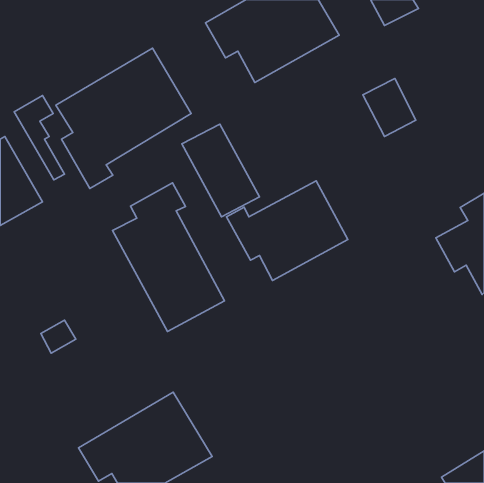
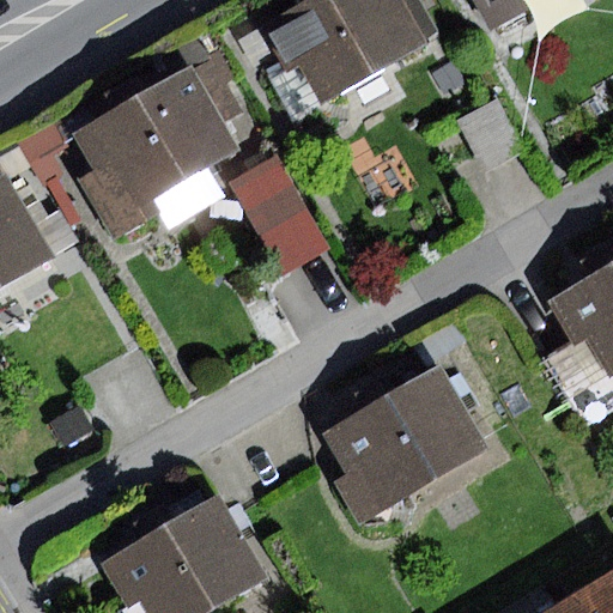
building: [226,181,348,281] -> none
building: [113,183,224,331] -> none
building: none -> [324,364,490,524]

